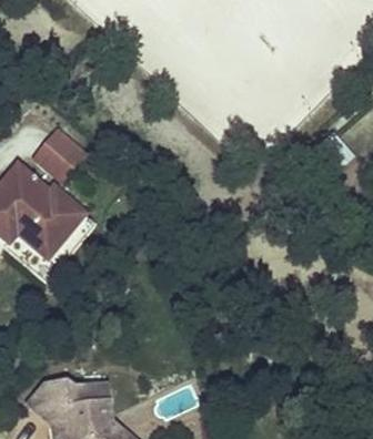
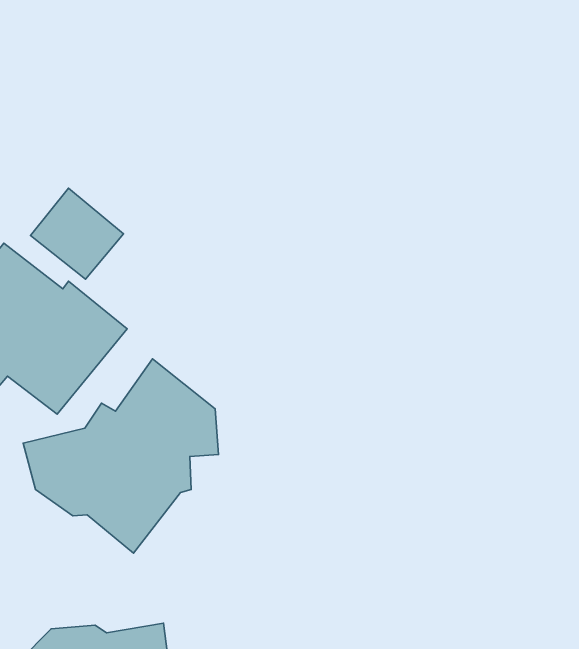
building: none -> [23,359,218,553]

